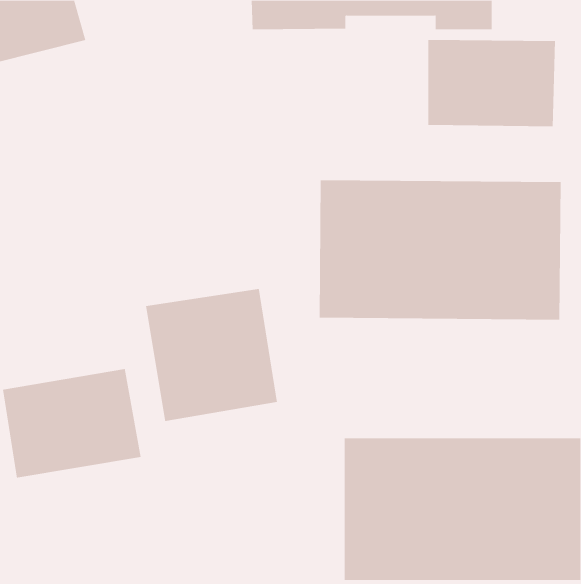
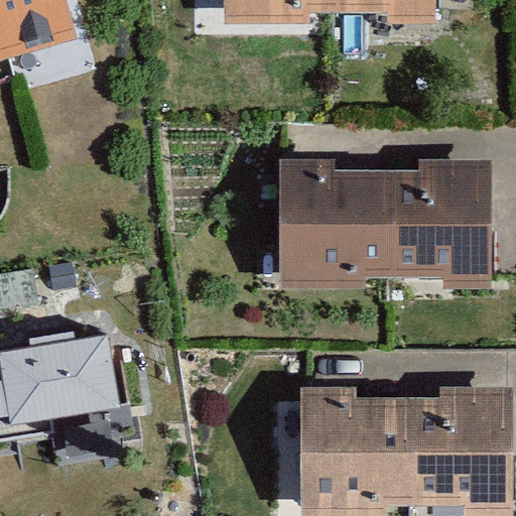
building: [428,39,556,127] -> none
building: [145,288,277,422] -> none

